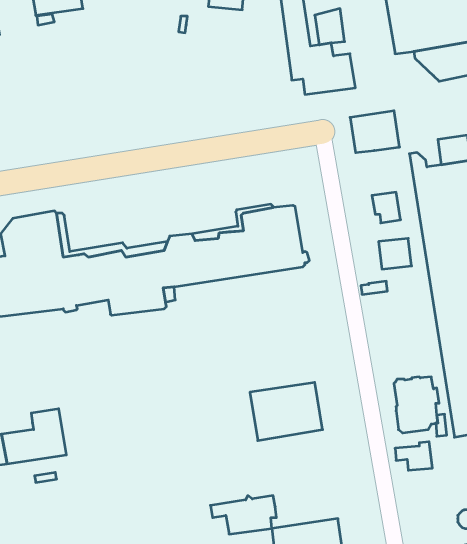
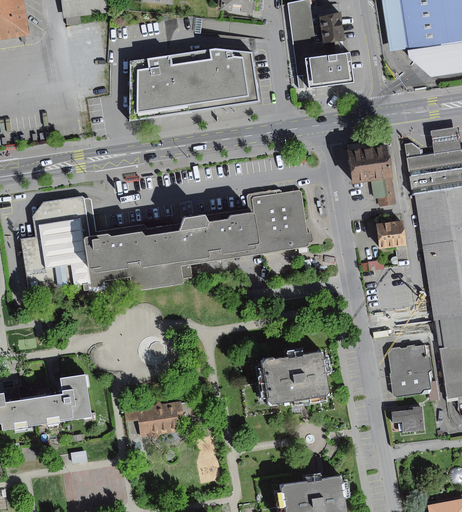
building: none -> [130,47,260,120]
building: [350,111,400,153] -> [349,144,394,182]
building: [210,496,276,534] -> [124,400,184,435]

